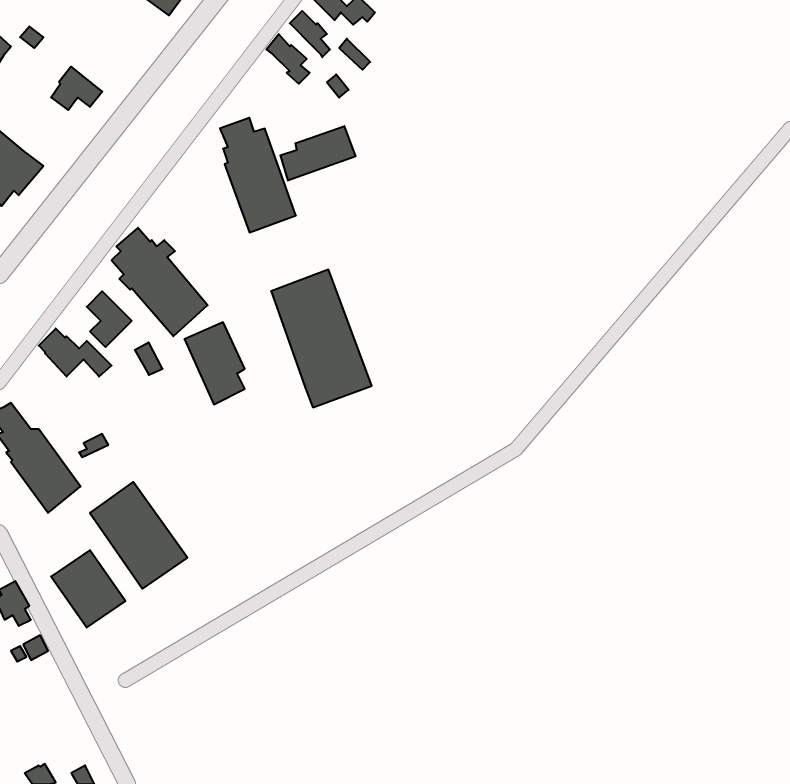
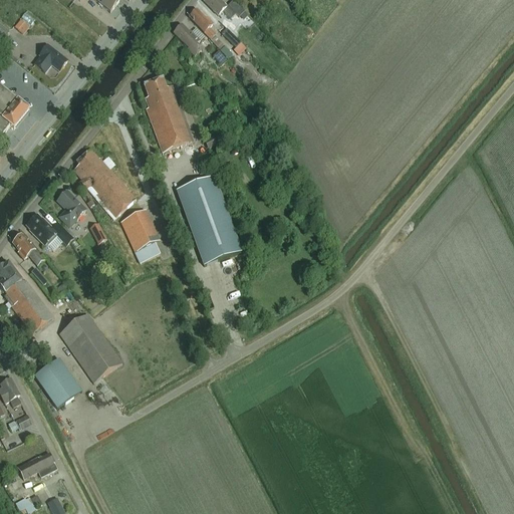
building: [280,126,356,181] -> none
building: none -> [11,233,43,264]
building: none -> [16,452,56,478]

